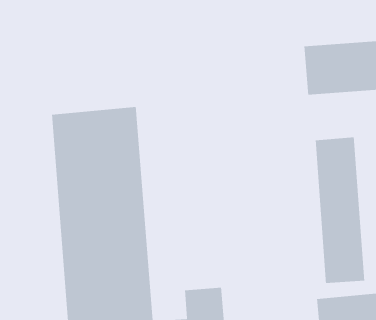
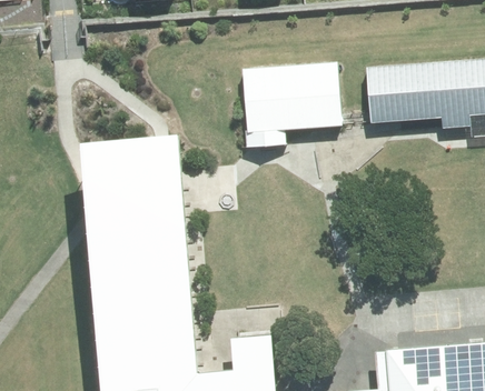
building: none -> [241,61,340,133]
building: [315,136,365,284] -> none

